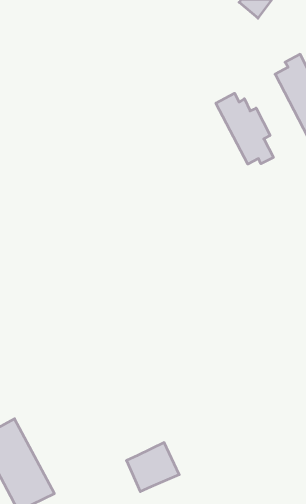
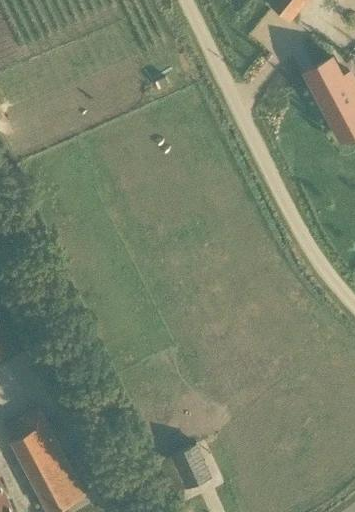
building: [216,93,273,164] -> none

